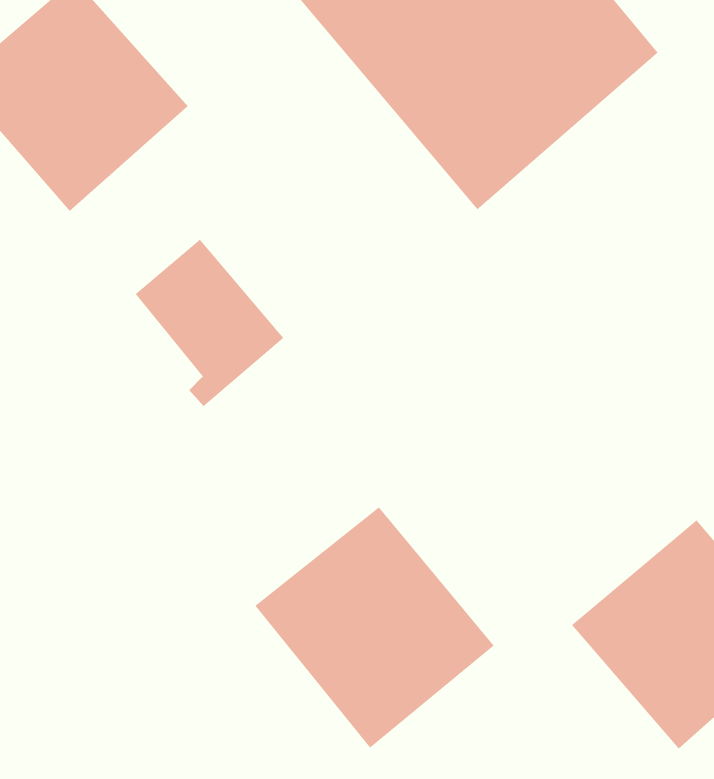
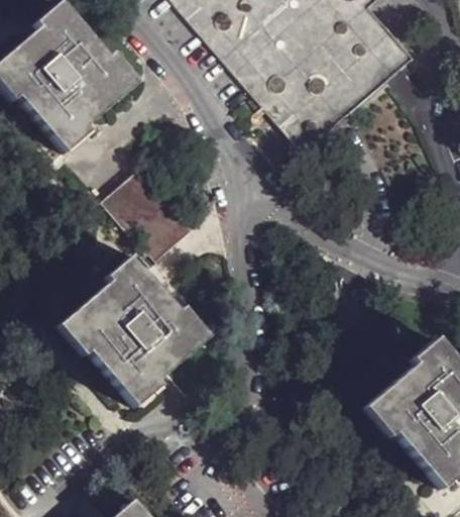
building: none -> [63,260,201,402]
building: [255,507,495,748] -> none

